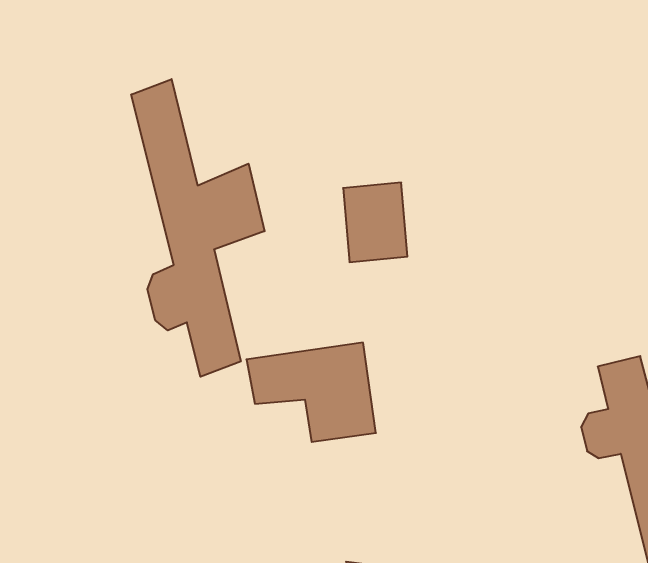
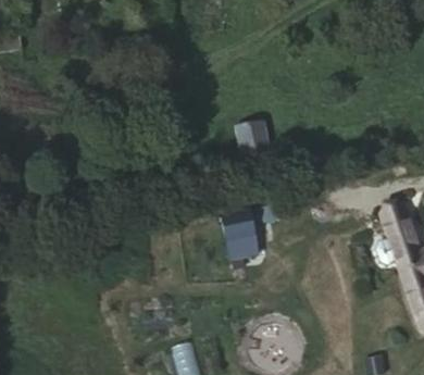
building: [131,79,265,377] -> none

